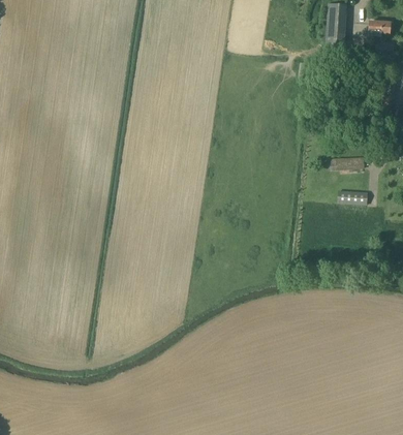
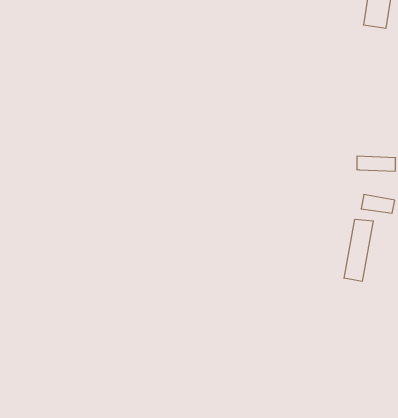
building: none -> [344,219,373,281]

